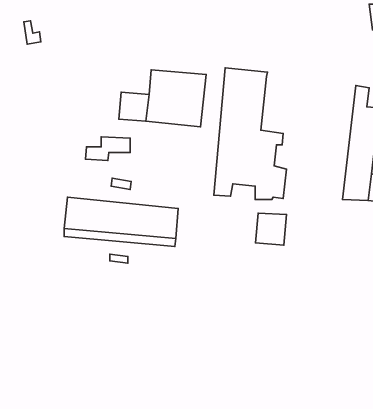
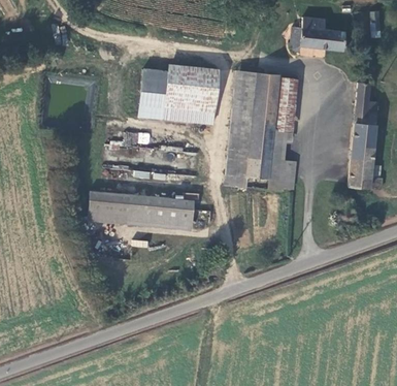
building: none -> [288,18,350,52]
building: none -> [141,67,169,92]
building: none -> [270,75,295,128]
building: [256,213,287,245] -> none

